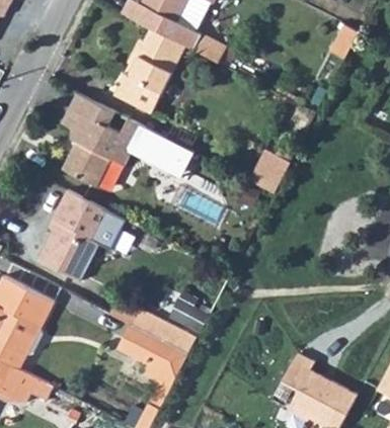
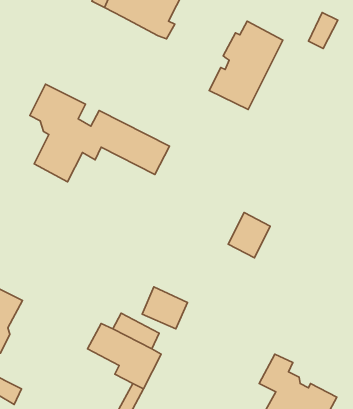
building: [113,27,184,112] -> [209,21,283,110]
building: [249,149,290,192] -> [228,213,270,258]
building: [36,189,125,280] -> none

